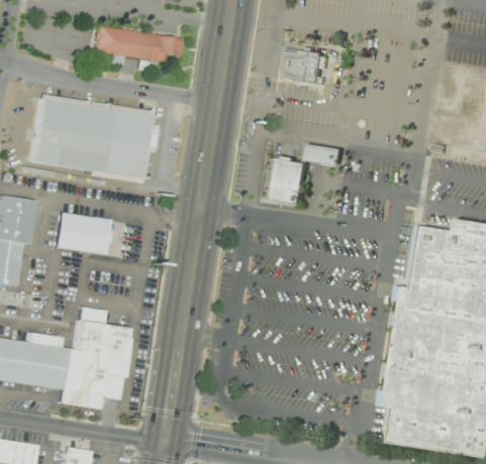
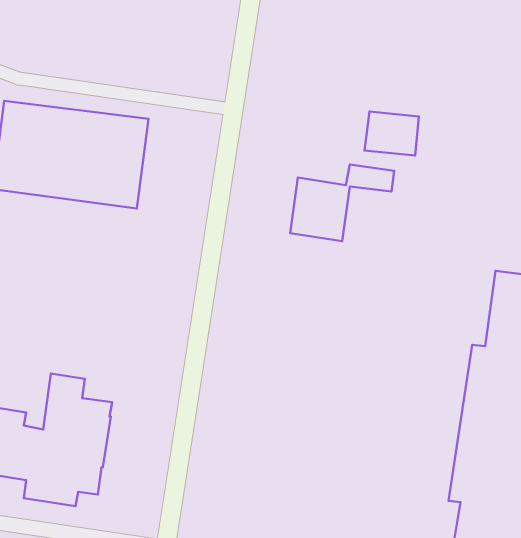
building: [94,25,181,62] -> none
building: [281,48,323,83] -> [364,111,419,156]
building: [53,212,107,255] -> none

